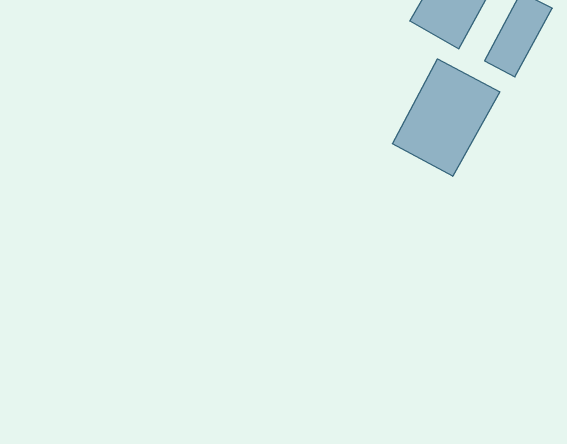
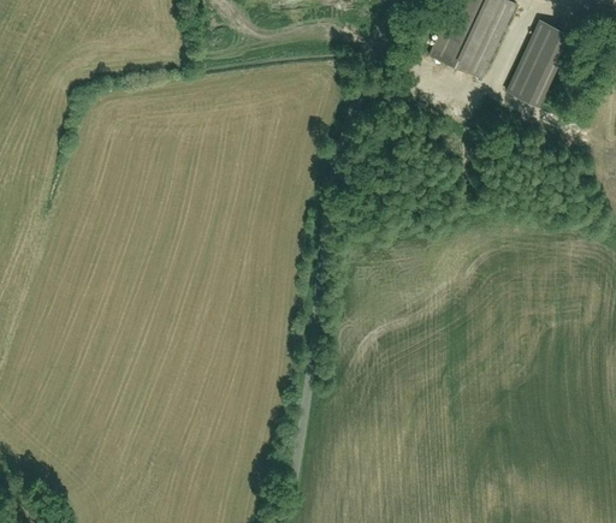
building: [392,59,500,176] -> none

